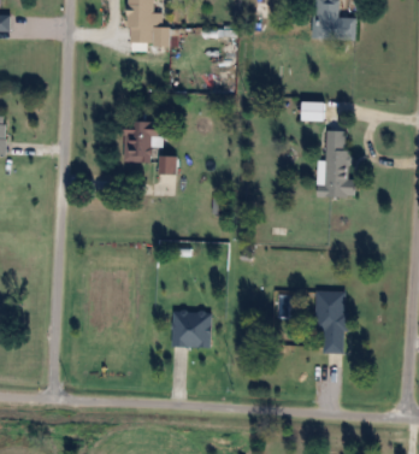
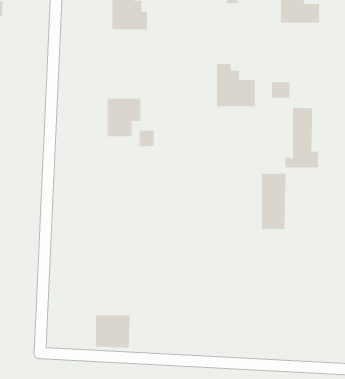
building: none -> [216,63,255,107]
building: [318,291,346,353] -> [261,173,286,229]
building: [172,312,211,348] -> [95,315,131,348]

